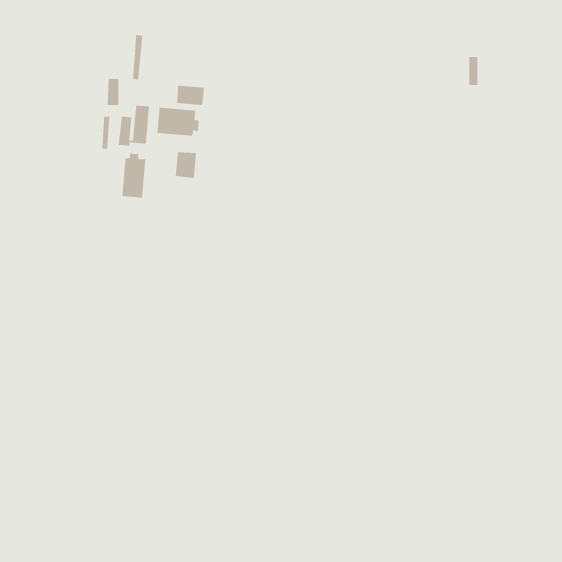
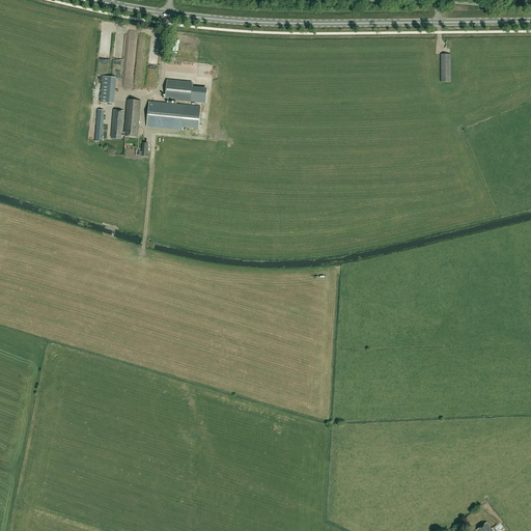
building: [175,152,197,179] -> none
building: [122,153,146,198] -> none

